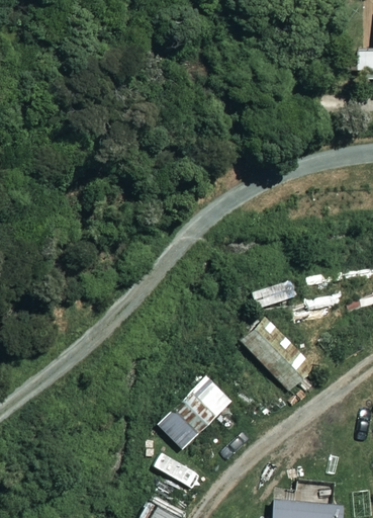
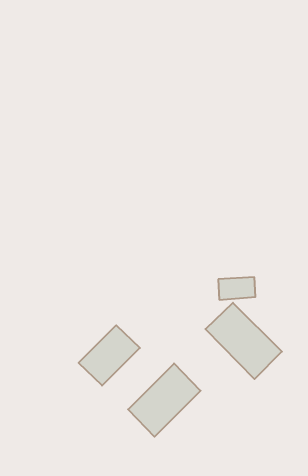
building: none -> [79,325,140,386]

